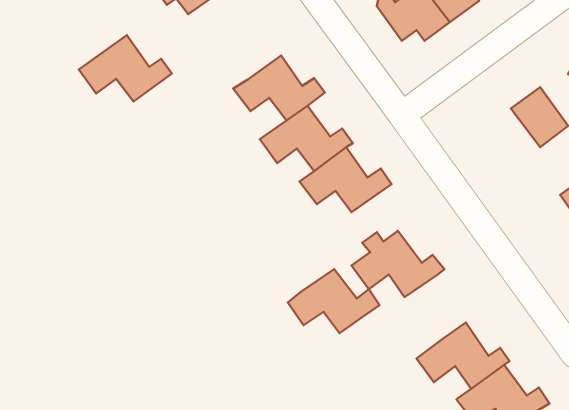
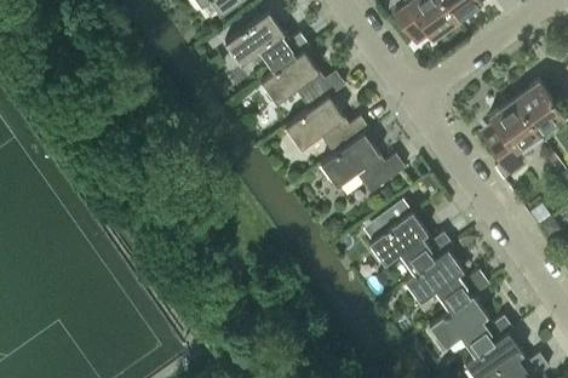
building: [79,35,172,101] -> [224,13,309,74]
building: none -> [486,101,540,174]
building: [288,269,379,333] -> [405,252,488,310]

